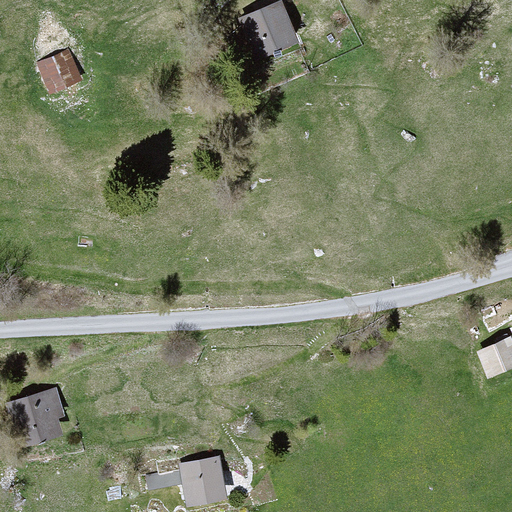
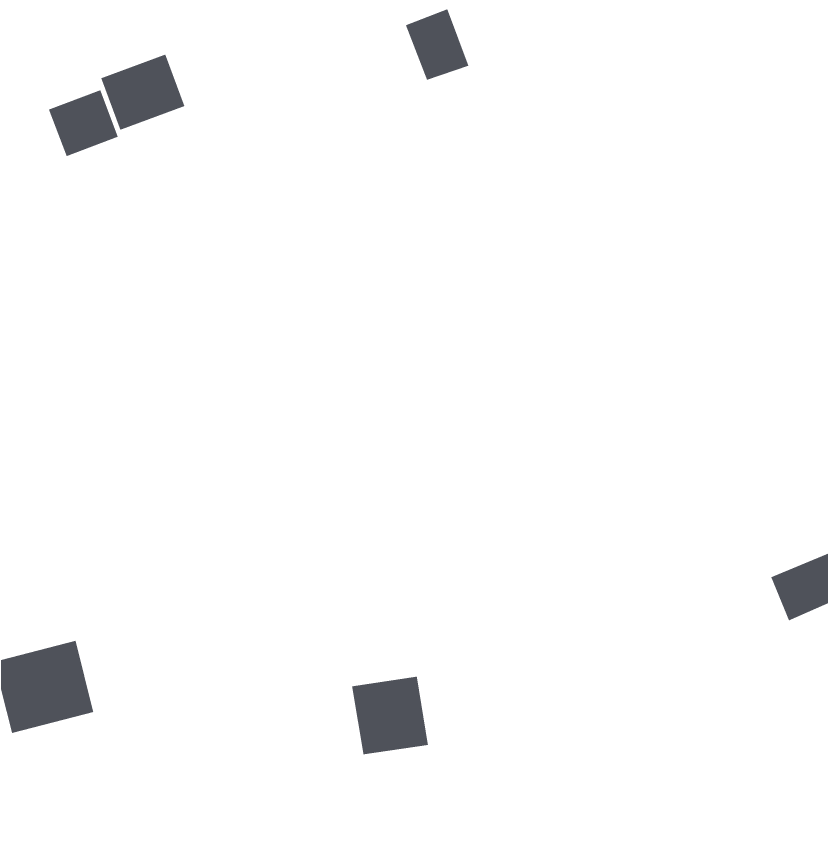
building: none -> [100,53,185,131]
building: [179,456,226,504] -> [351,676,429,755]

